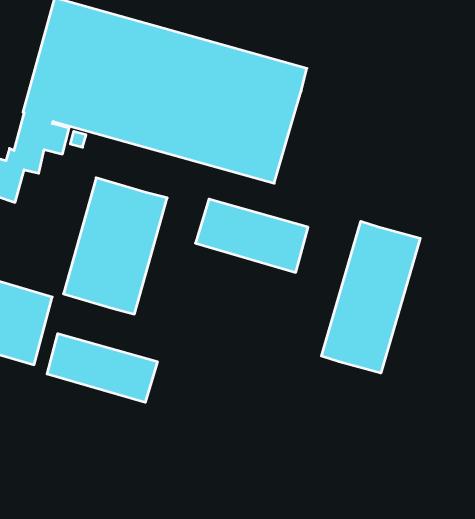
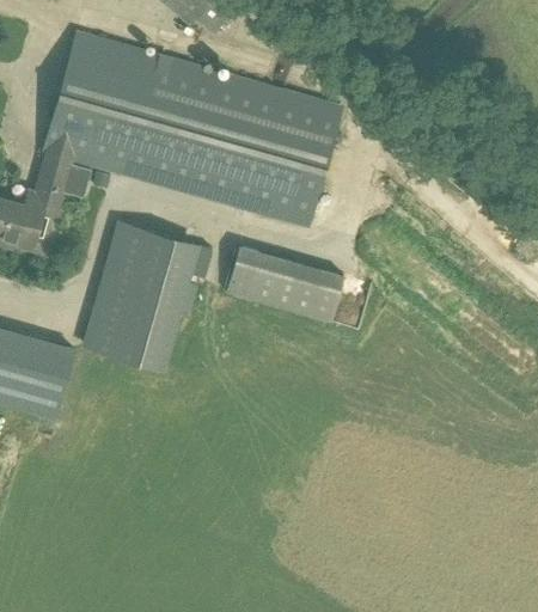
building: [321,221,420,373] -> none
building: [47,334,157,402] -> none

